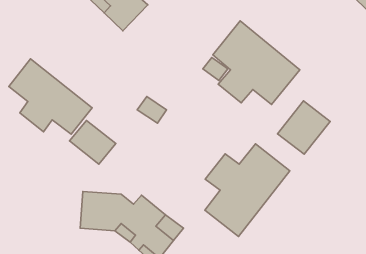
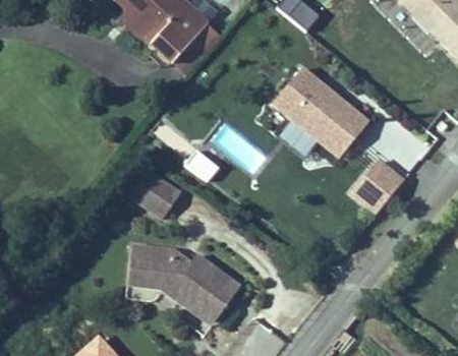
building: [9,59,92,134] -> none
building: [205,144,290,237] -> none

